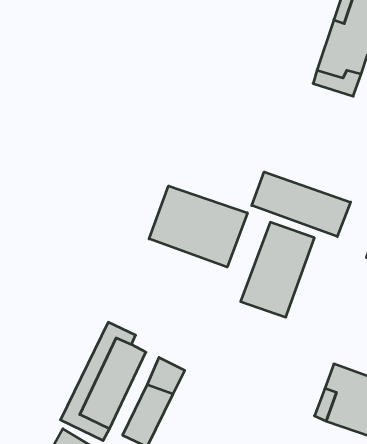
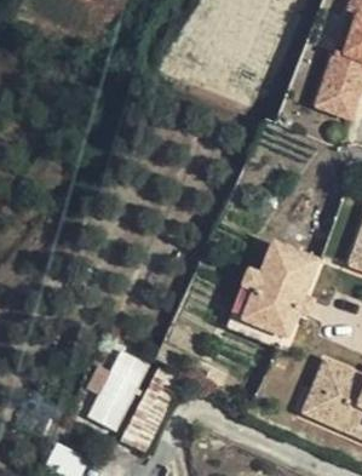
building: [252,172,351,237] -> none
building: [149,186,247,267] -> none

